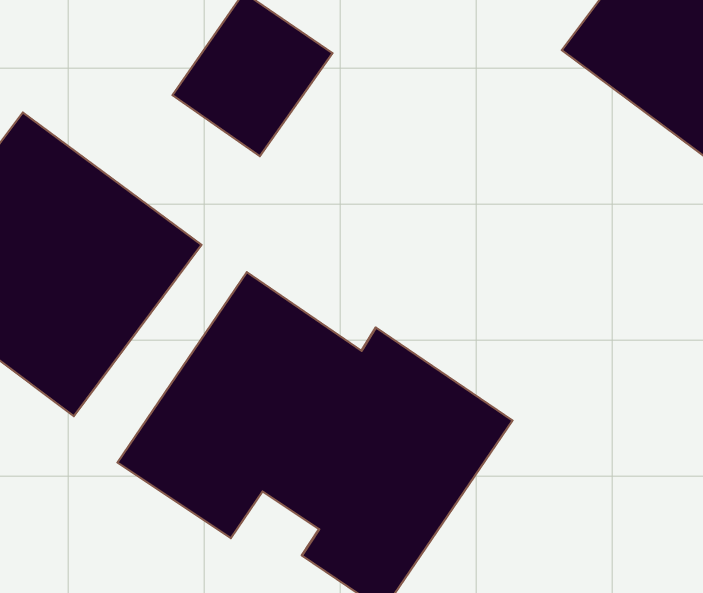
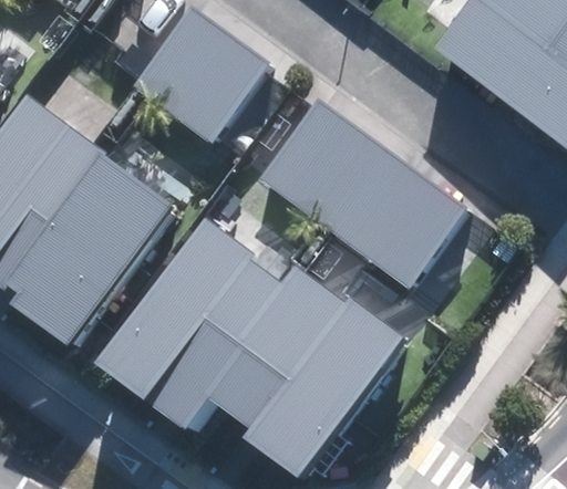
building: none -> [265,101,475,292]

